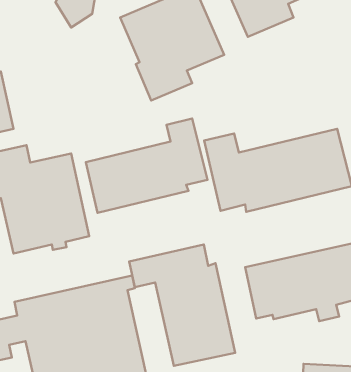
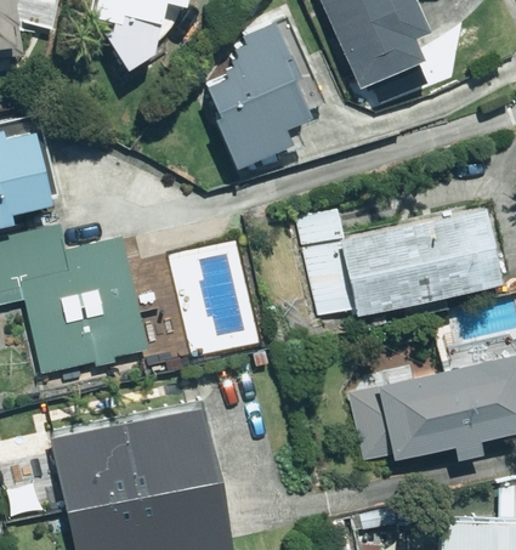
building: [86,119,208,213] -> none
building: [129,245,235,366] -> none

